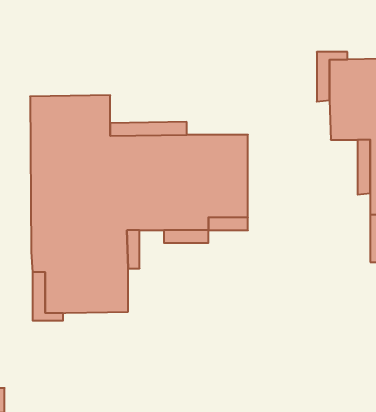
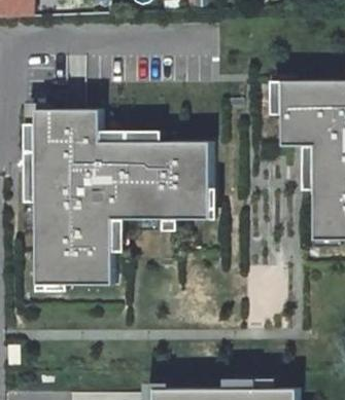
building: none -> [32,104,57,235]

